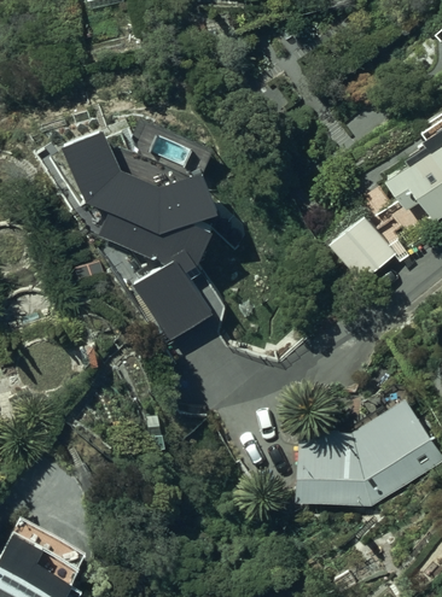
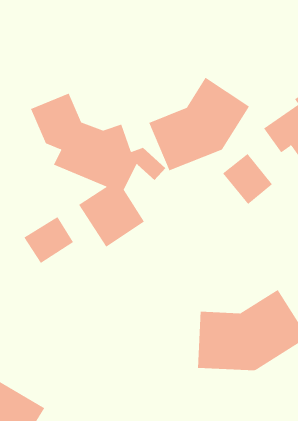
building: none -> [149,77,250,171]
building: none -> [24,216,74,264]

